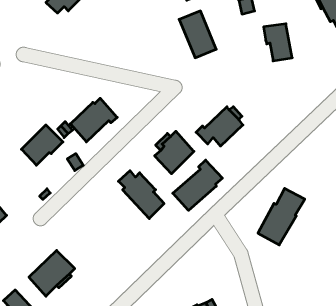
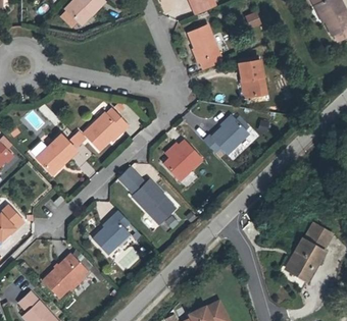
building: [264,24,292,61] -> [239,60,266,96]
building: [173,160,222,210] -> none
building: [258,188,305,245] -> [288,224,333,278]
building: none -> [93,210,130,254]

